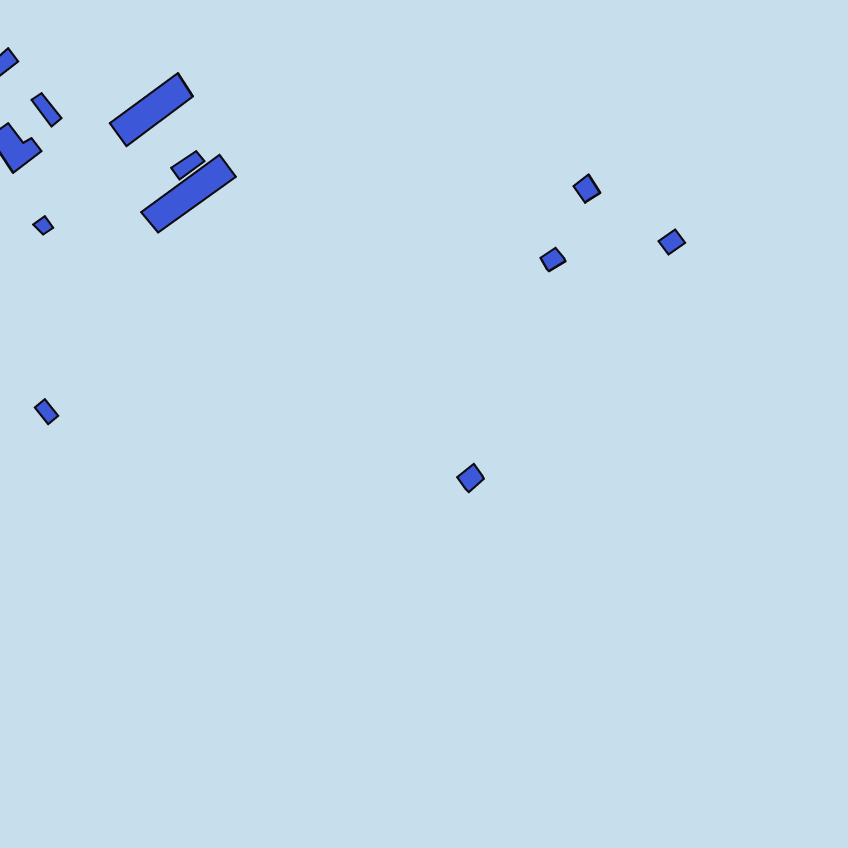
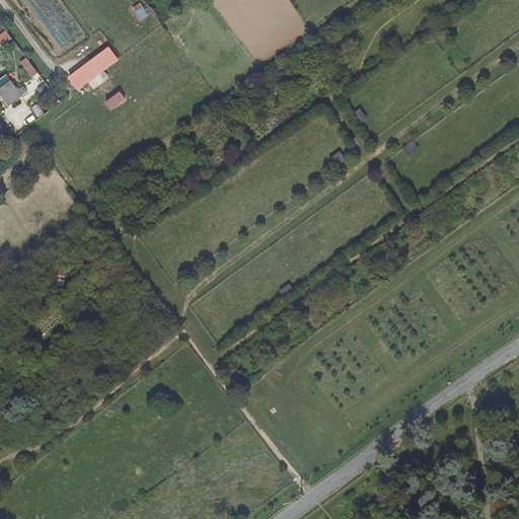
building: [141,155,236,232] -> none

